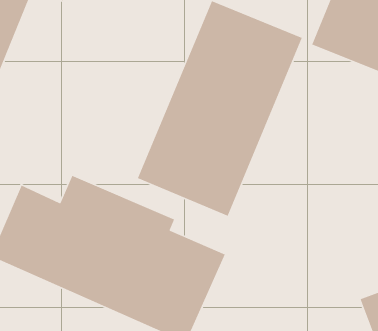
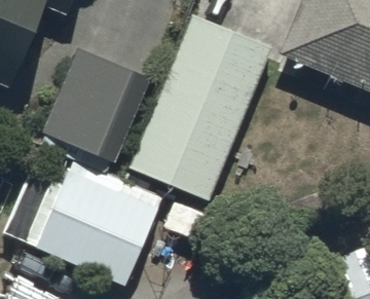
building: none -> [43,49,150,162]

